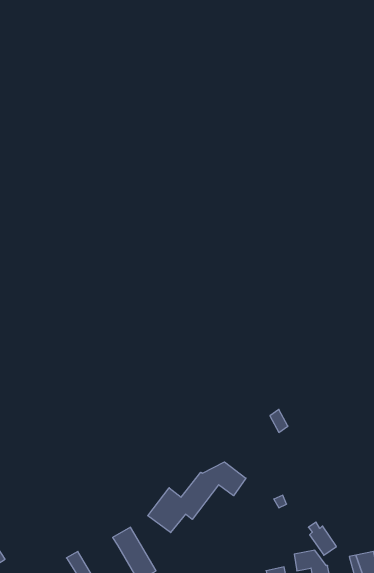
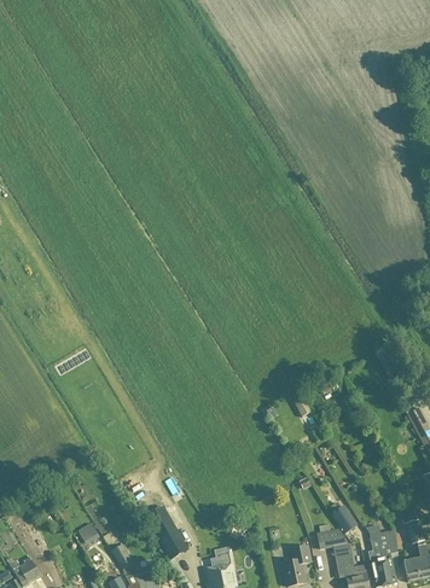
building: [148,462,246,533] -> none

